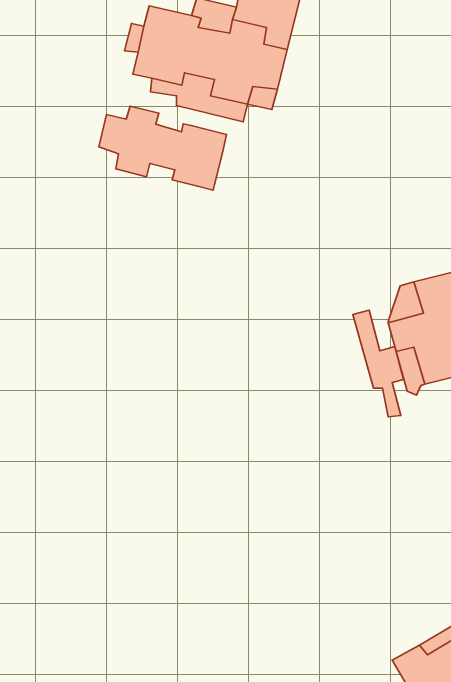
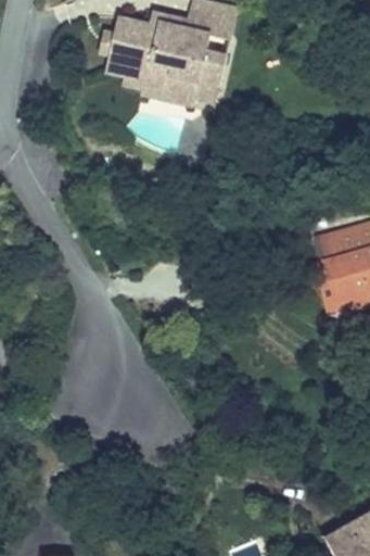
building: [99,106,227,190] -> none
building: [353,310,404,417] -> none

